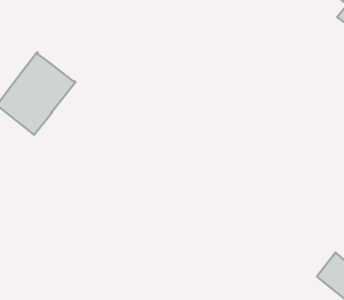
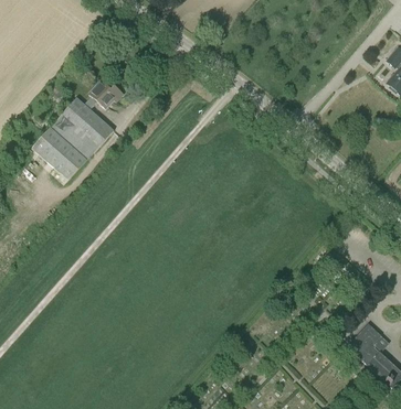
building: none -> [83,78,123,108]

